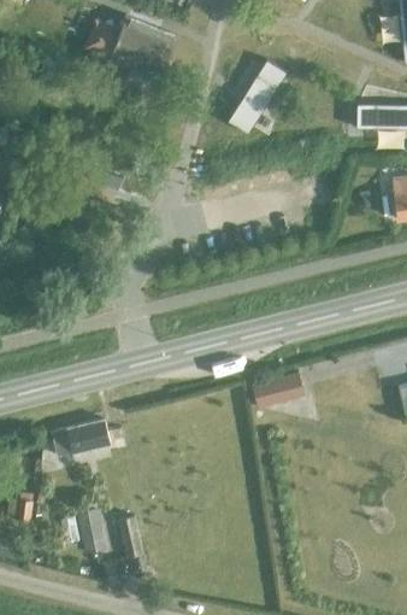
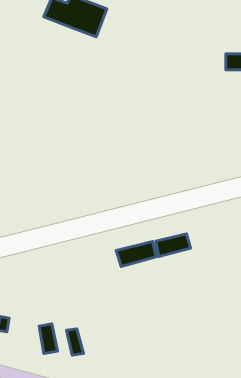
building: [226,60,285,135] -> none
building: none -> [116,241,156,267]
building: [51,422,108,456] -> none

